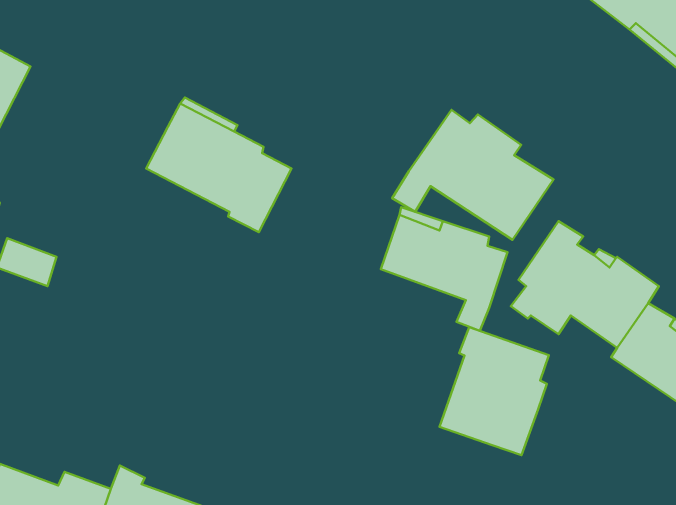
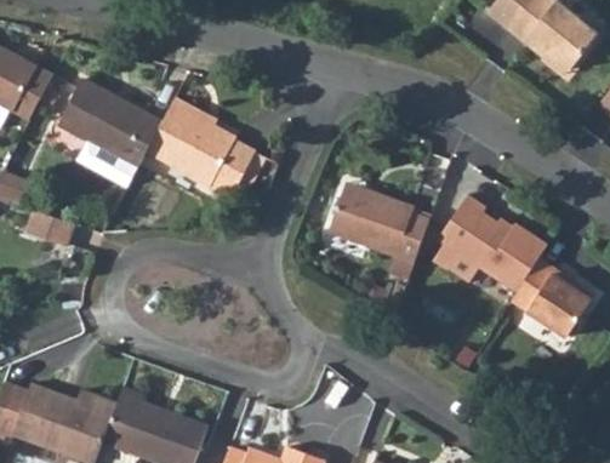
building: none -> [57,79,161,187]
building: [392,110,554,240] -> none
building: [439,327,549,455] -> none

